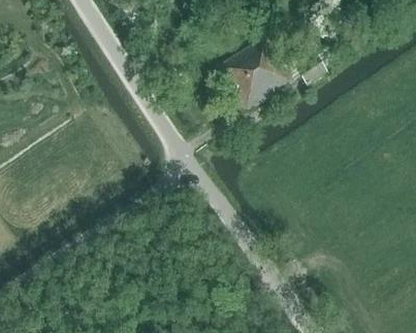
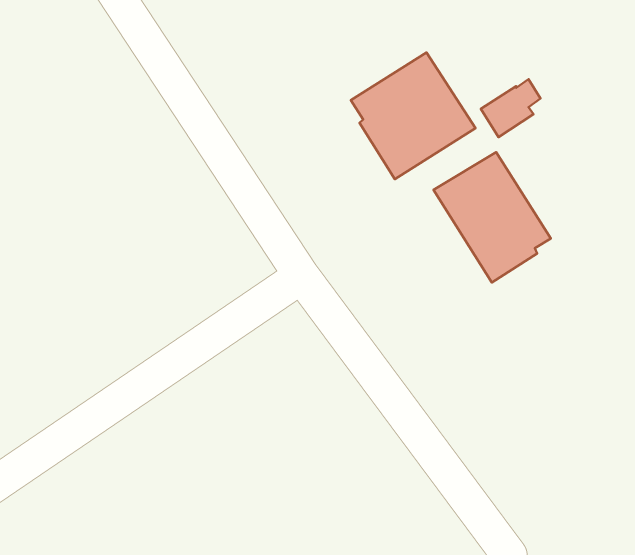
building: none -> [434,152,551,282]

